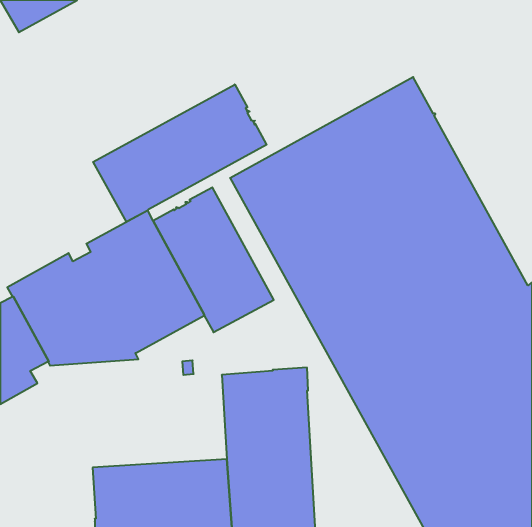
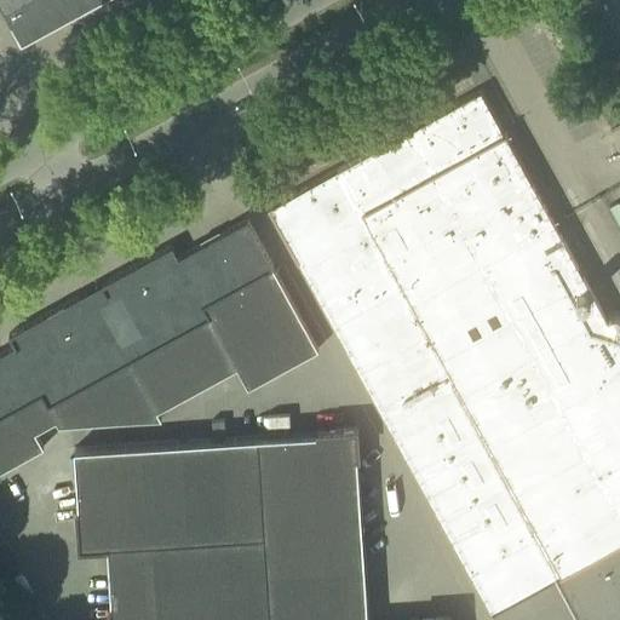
building: [93,84,267,222] -> none
building: none -> [75,442,264,553]

